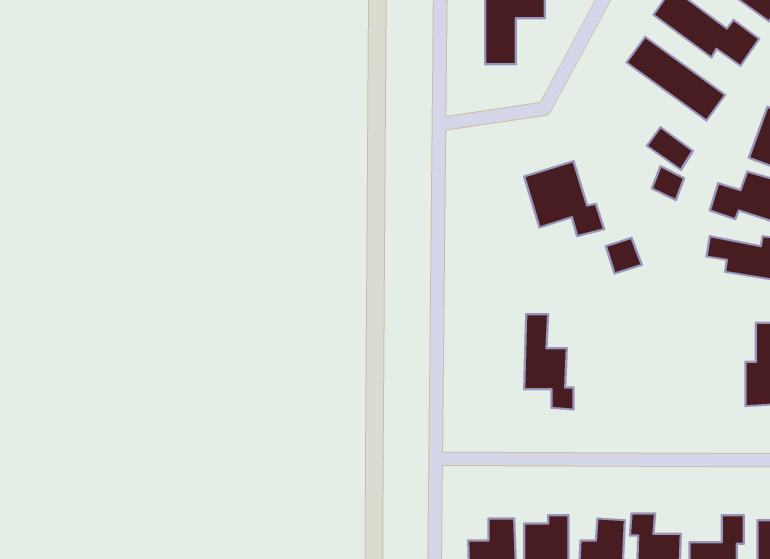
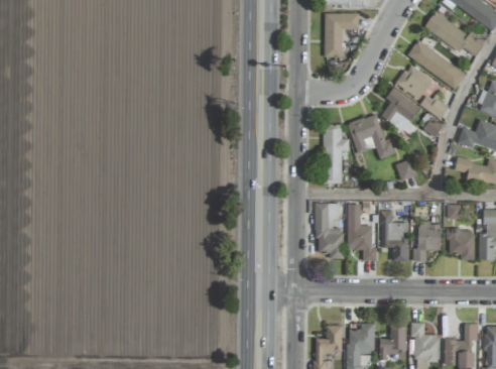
building: none -> [396,65,433,100]
building: none -> [381,89,420,136]
building: none -> [324,124,350,183]
building: none -> [316,203,344,258]
building: none -> [381,211,409,260]
building: none -> [412,223,442,262]
building: none -> [449,229,475,260]

